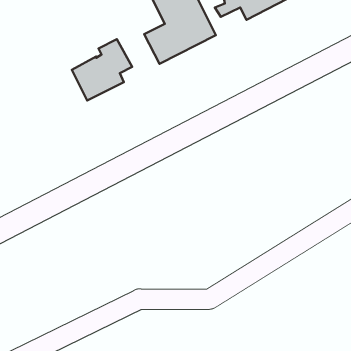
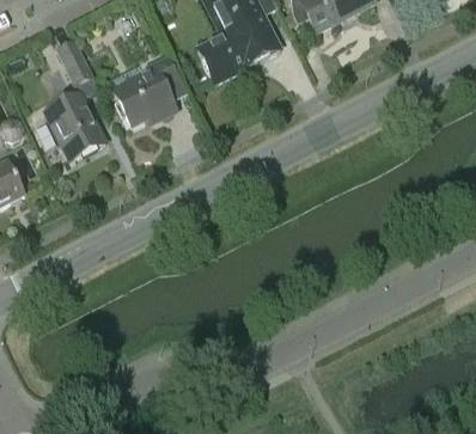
building: none -> [56,37,91,82]
building: none -> [44,90,106,157]

